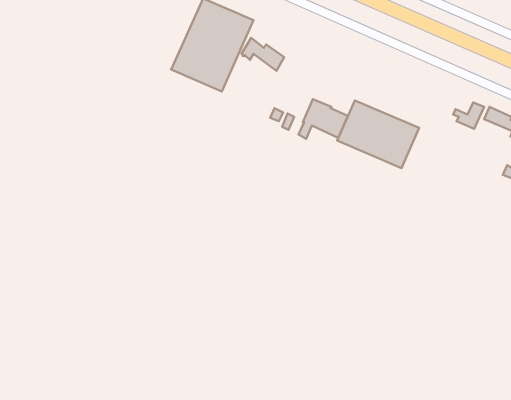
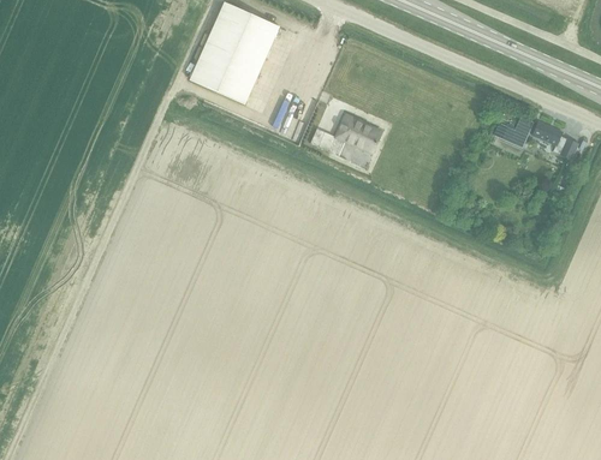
building: [242,38,284,71] -> none
building: [337,100,419,168] -> none

